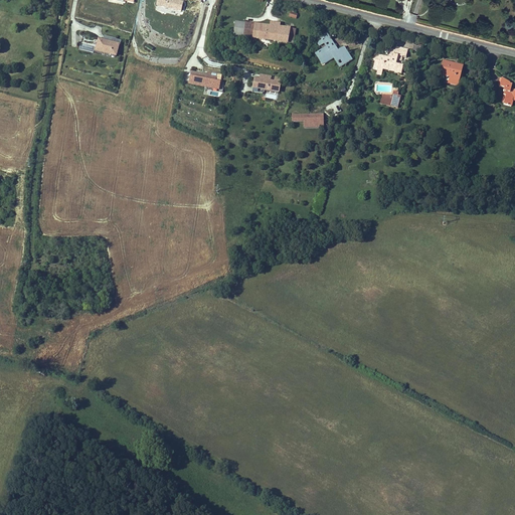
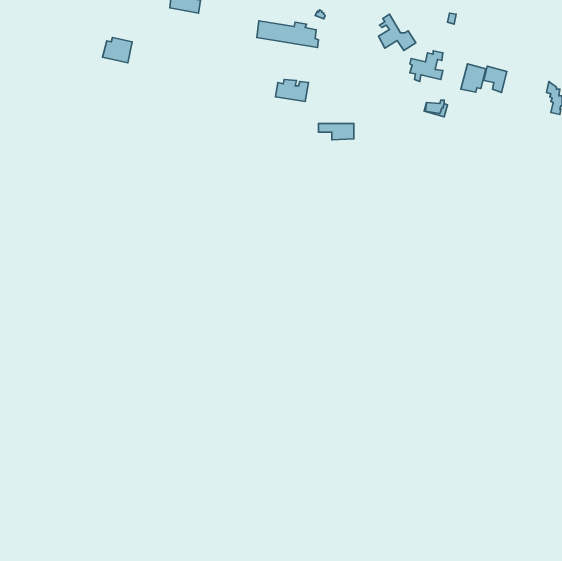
building: [317,32,351,65] -> [378,14,416,51]
building: none -> [461,64,486,92]
building: [188,68,221,95] -> none

